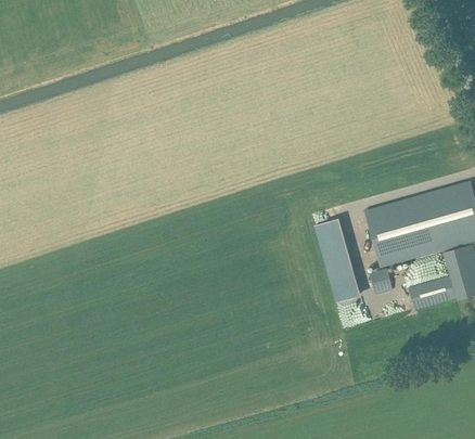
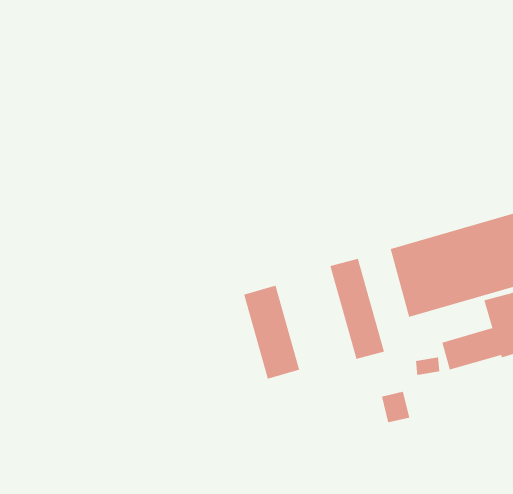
building: none -> [243,285,300,379]
building: [369,268,393,294] -> [381,391,410,423]

